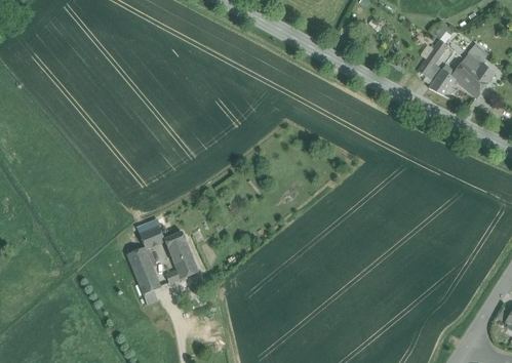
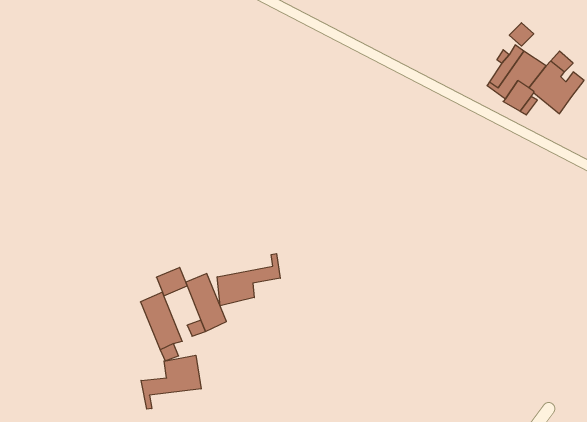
building: none -> [217,254,280,306]
building: none -> [141,355,201,409]

